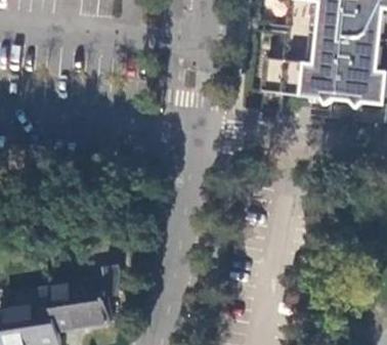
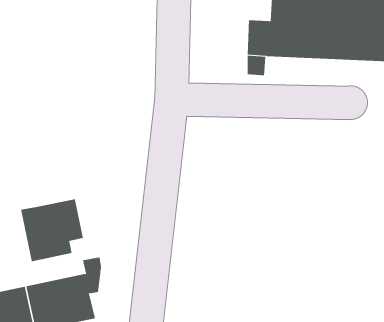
building: none -> [21,198,84,262]

